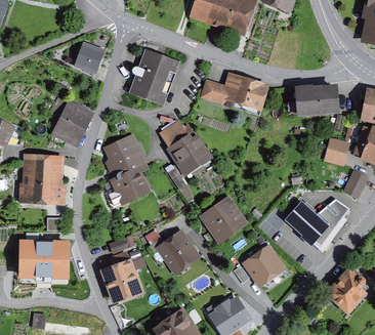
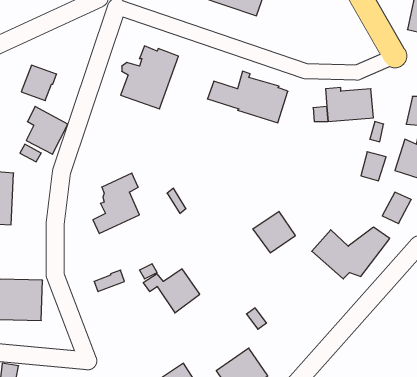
building: [75,43,103,72] -> [21,65,57,101]
building: [161,122,208,170] -> none
building: [107,137,139,169] -> none
building: [41,156,62,199] -> none
building: [205,202,240,236] -> [253,211,295,253]
building: [244,248,283,287] -> none
building: [101,253,145,298] -> none
building: [328,270,364,309] -> none

